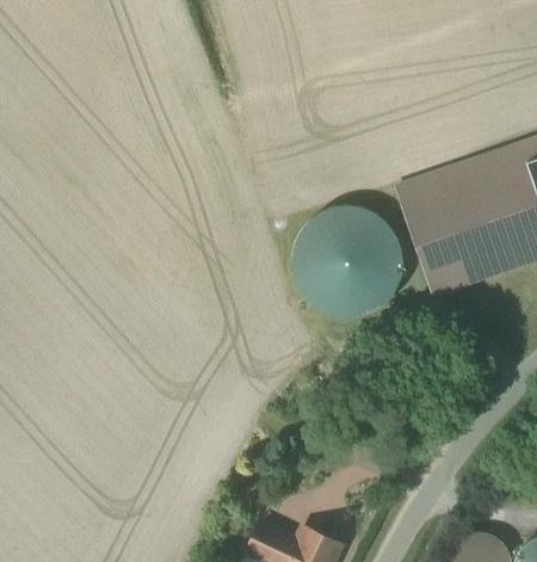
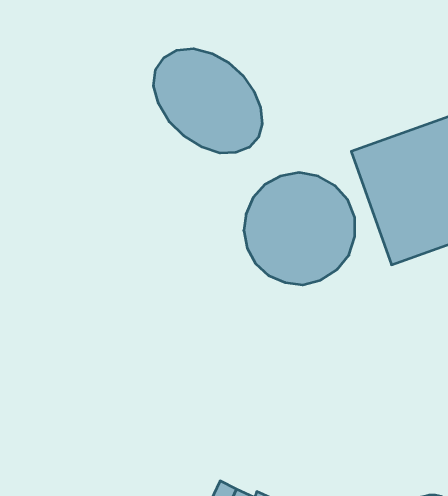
building: none -> [154,49,262,153]

